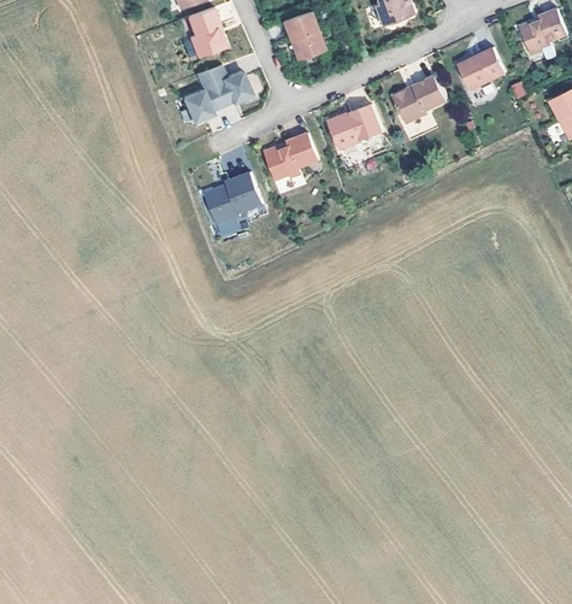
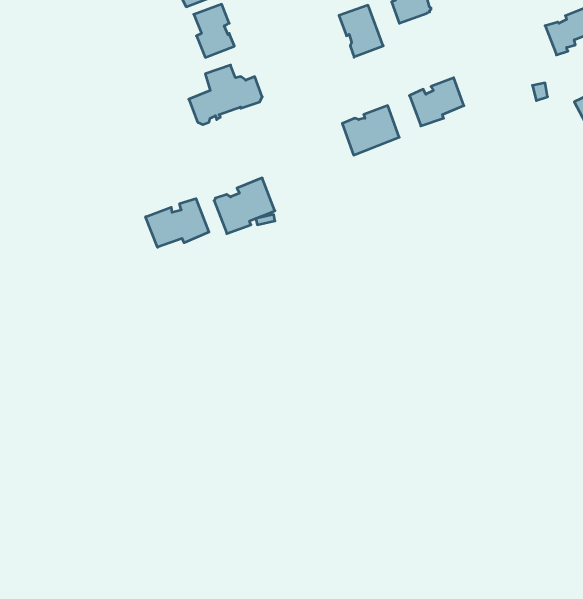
building: [284,10,326,59] -> [339,5,383,57]
building: [459,52,506,93] -> none
building: [265,133,318,180] -> none
building: none -> [146,199,209,247]

